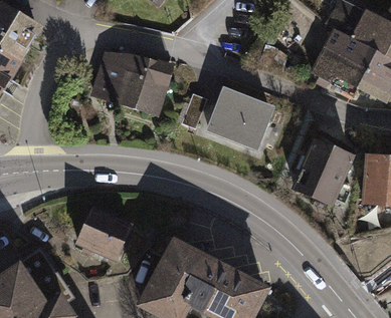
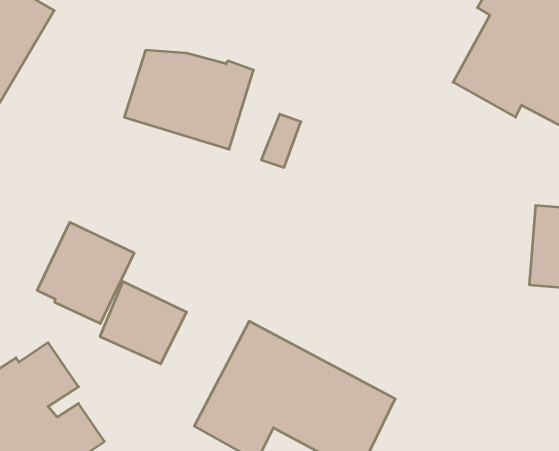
building: [207,86,276,151] -> none
building: [287,138,353,210] -> none
building: none -> [37,222,134,324]

